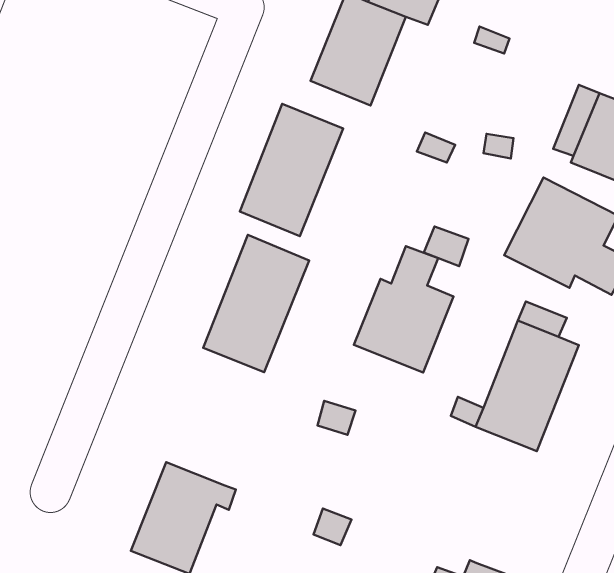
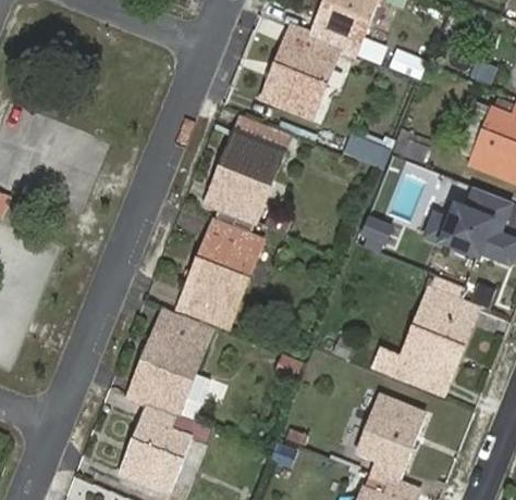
building: [354,246,454,372] -> none
building: none -> [130,309,212,421]
building: none -> [357,395,425,483]

